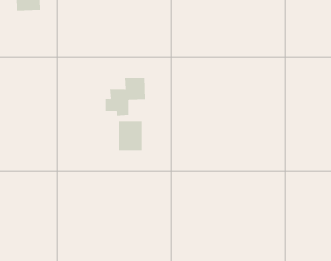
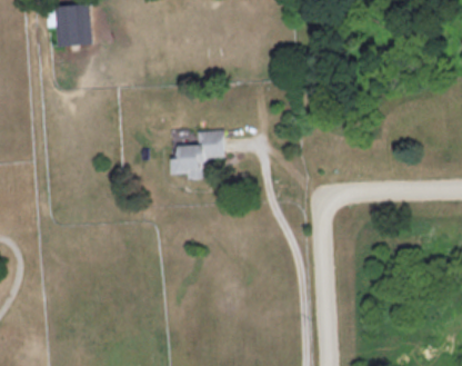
building: [118,121,142,151] -> none

